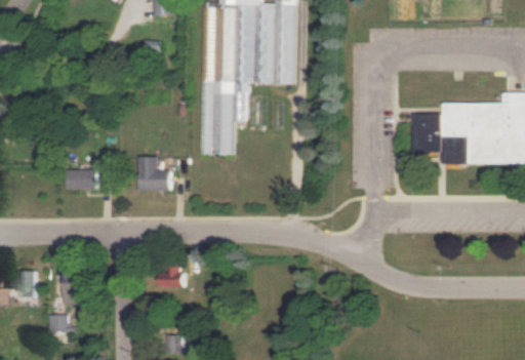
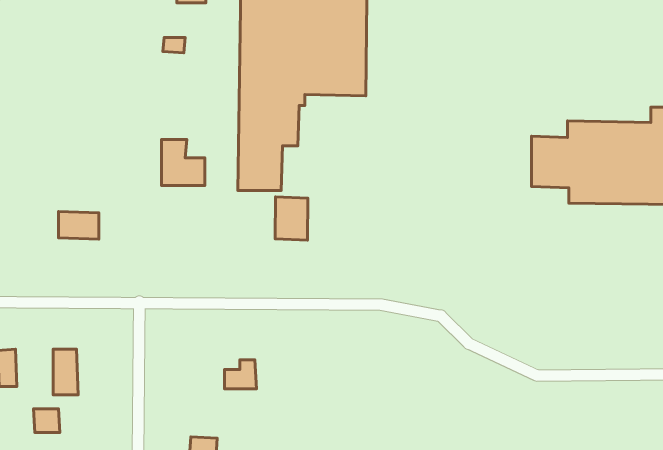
building: [139,157,171,191] -> [162,140,205,186]
building: none -> [275,197,308,240]
building: [160,266,184,287] -> [224,360,256,389]

